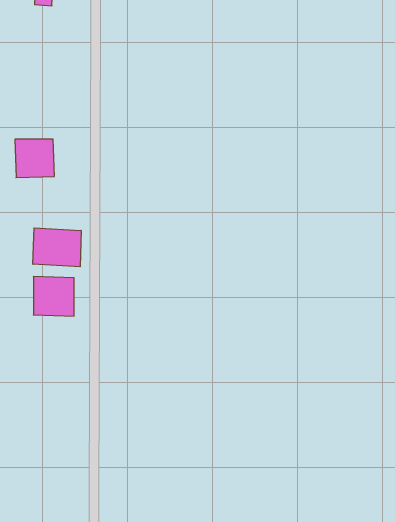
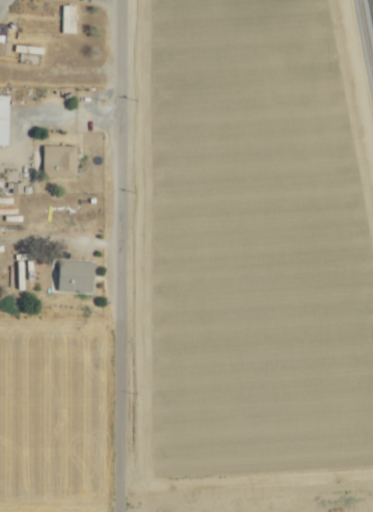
building: [33,228,81,267] -> none

